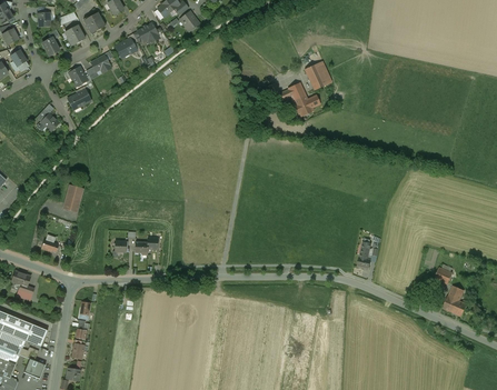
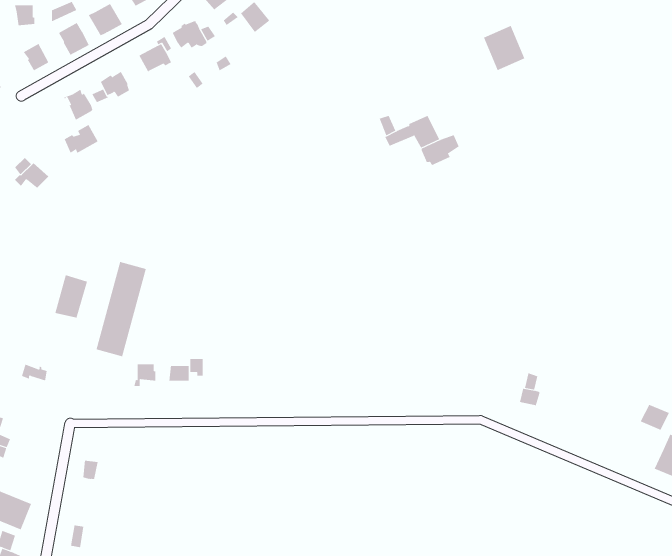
building: [305,61,331,90] -> [483,25,525,71]
building: none -> [96,261,147,357]

